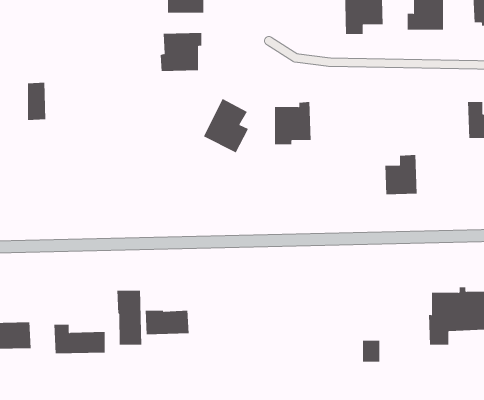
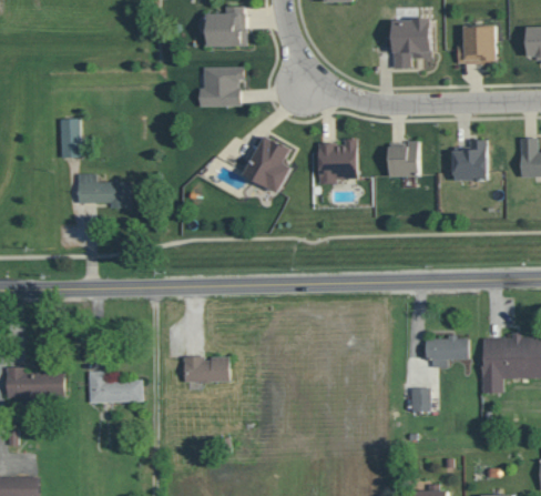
building: none -> [388,141,419,176]
building: none -> [78,173,130,207]
building: [384,154,417,195] -> [452,139,487,181]
building: none -> [425,334,468,367]
building: [117,290,142,345] -> none

